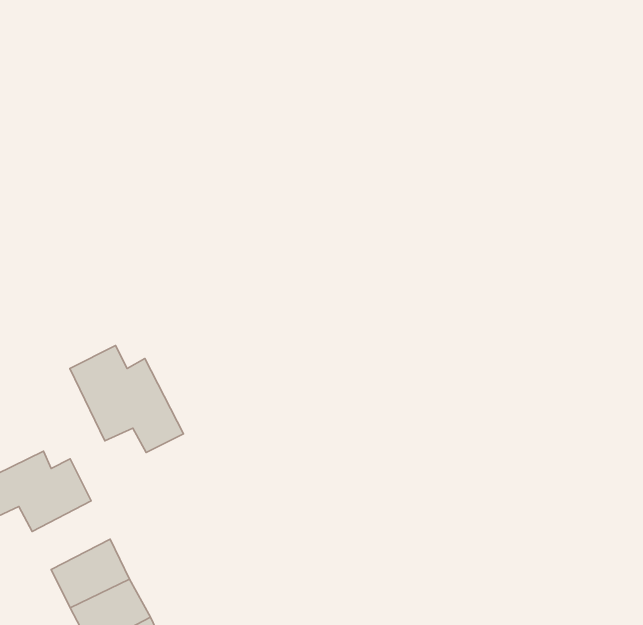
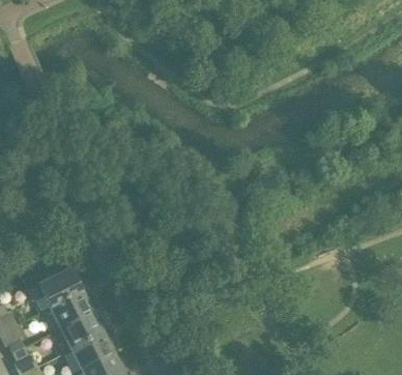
building: [70,346,184,452] -> none
building: none -> [51,292,93,329]

